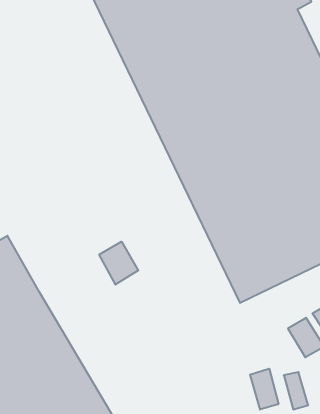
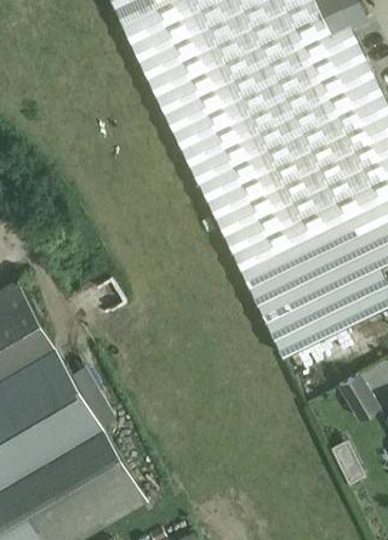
building: [99,242,138,285] -> none
building: [250,369,278,410] -> none

